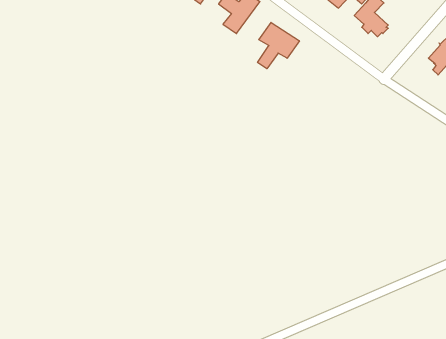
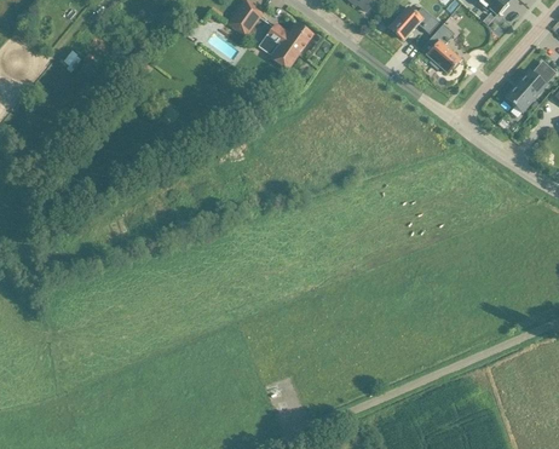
building: [258,22,299,69] -> none

